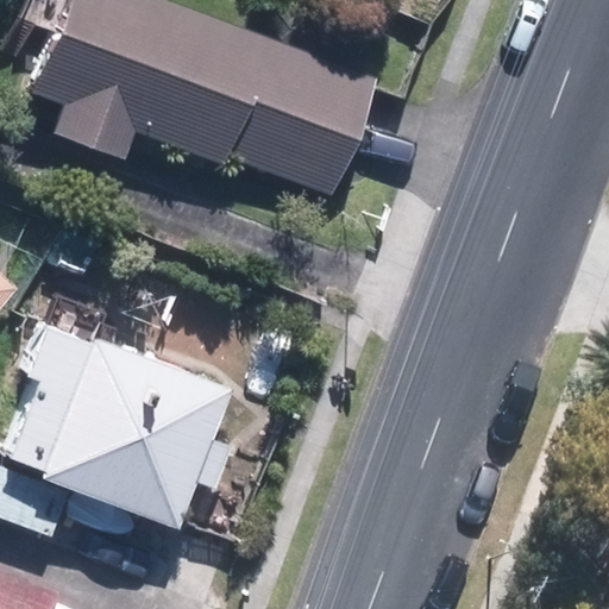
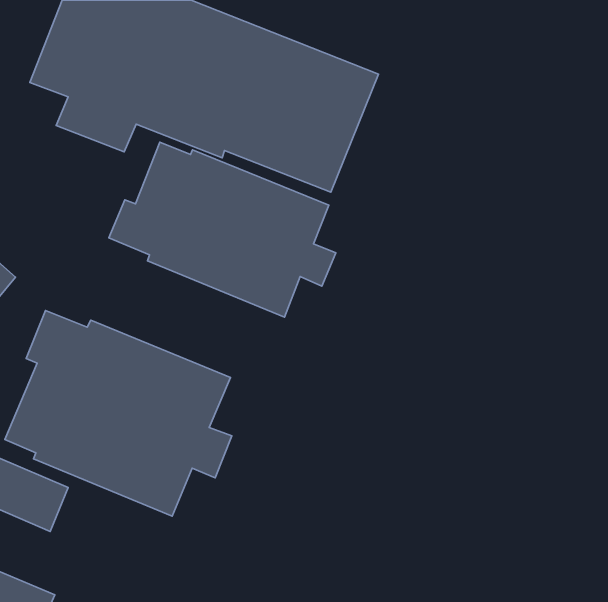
building: none -> [109,142,336,317]

